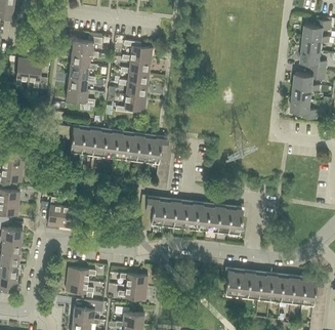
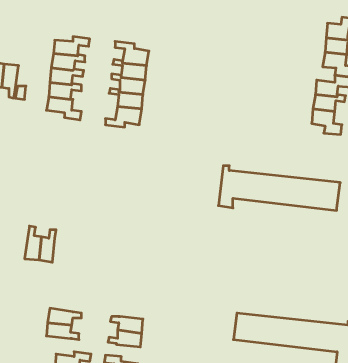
building: [50,124,173,190] -> none
building: [138,195,242,233] -> [218,166,340,210]

